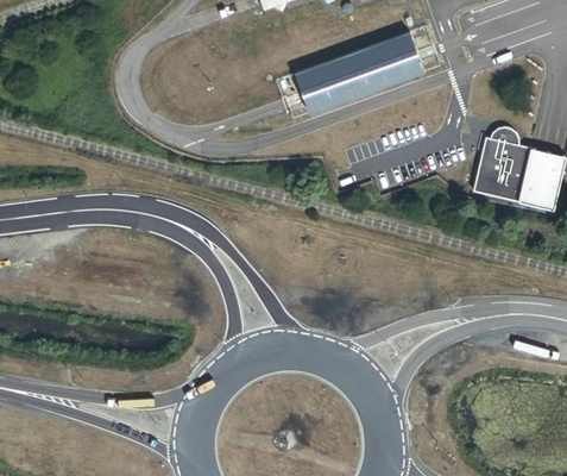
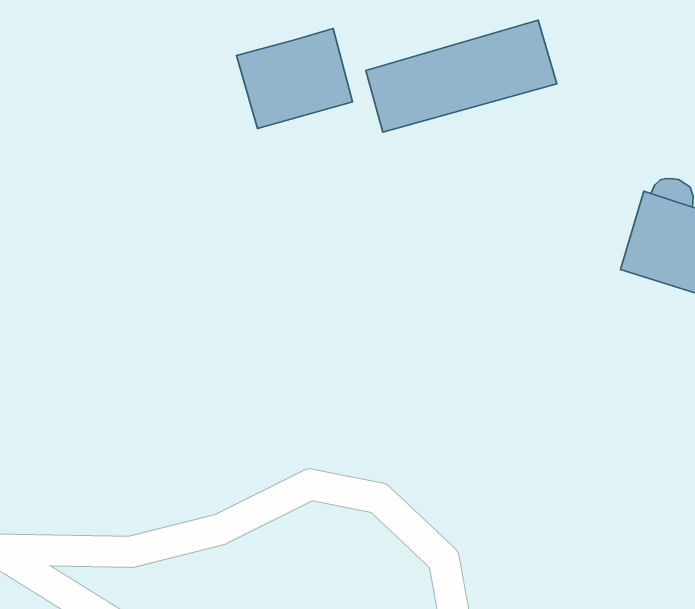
building: none -> [236,29,353,129]

